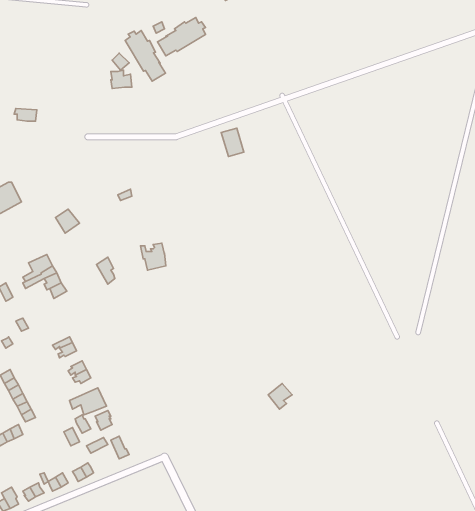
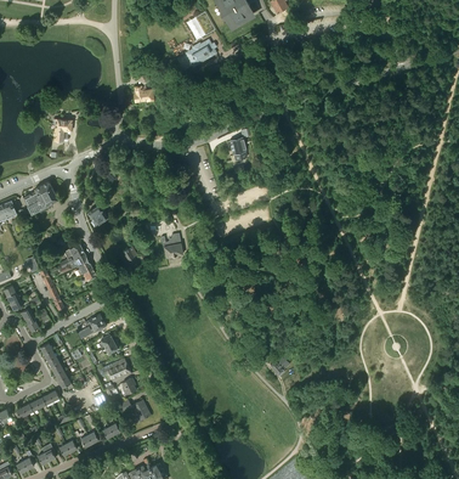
building: [125,31,165,81] -> none

